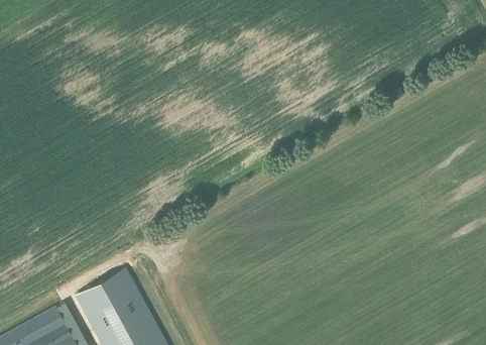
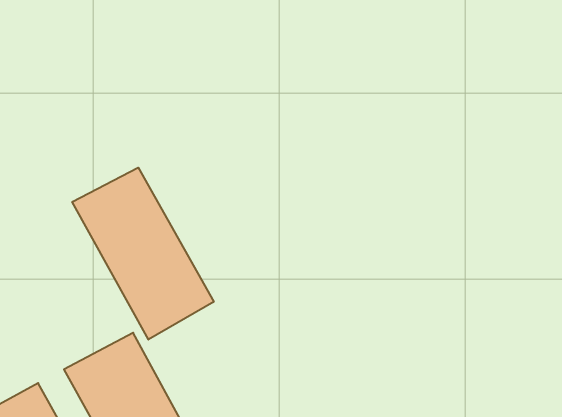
building: none -> [72,168,214,340]

